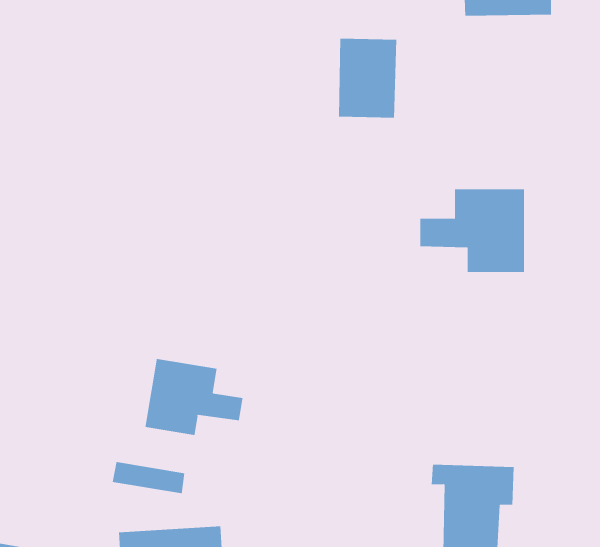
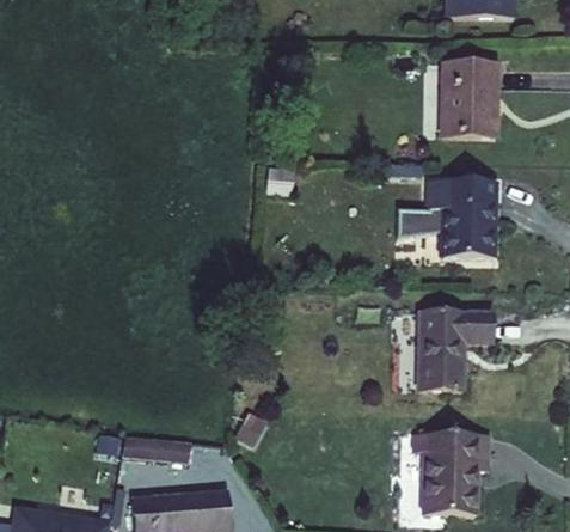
building: [338,38,397,118] -> [448,61,503,135]
building: none -> [417,308,491,390]
building: [145,358,243,436] -> none

